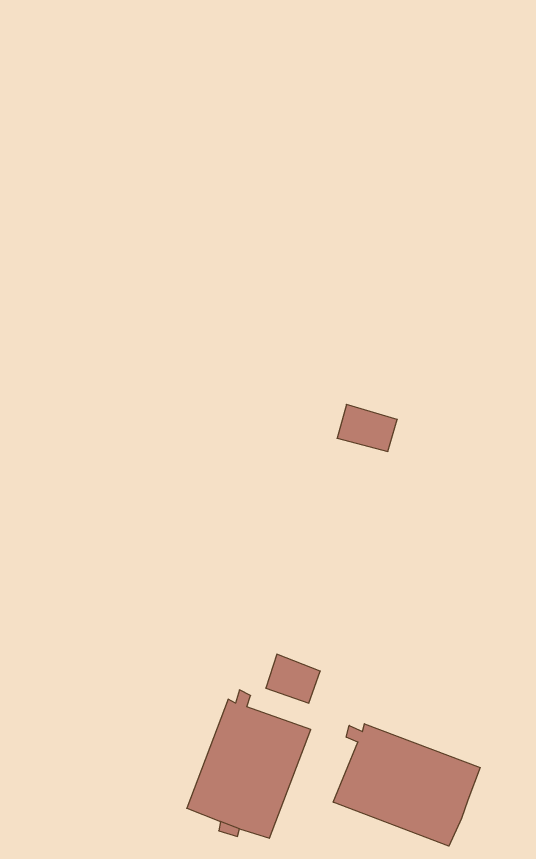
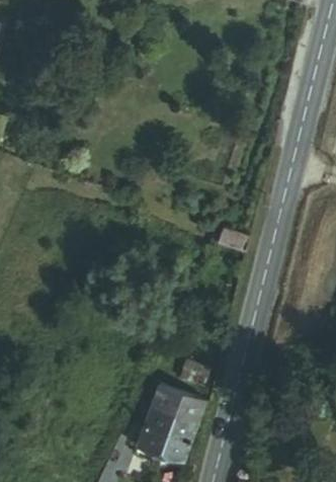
building: [333,724,480,846] -> none

